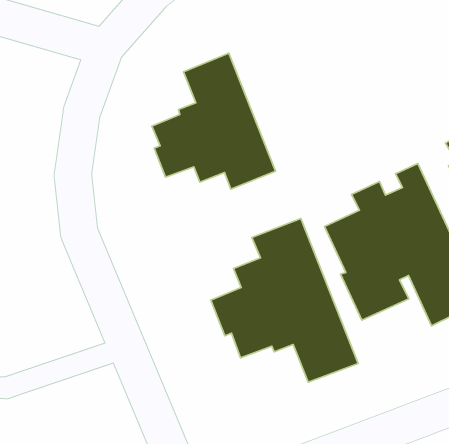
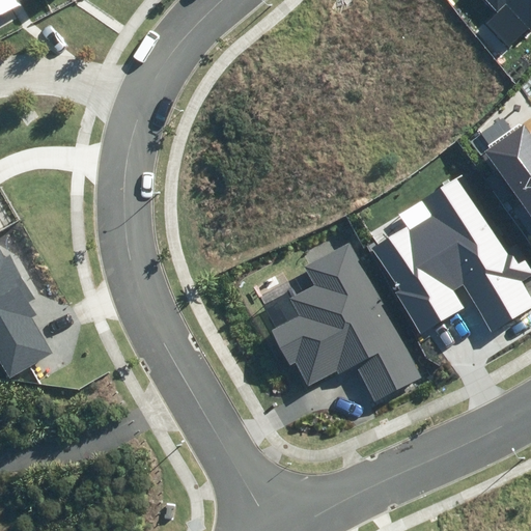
building: [152,53,275,189] -> none

